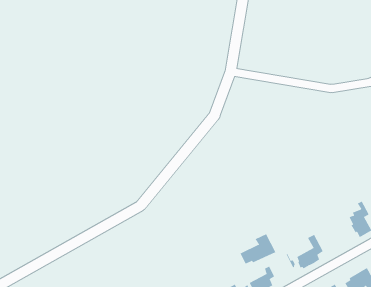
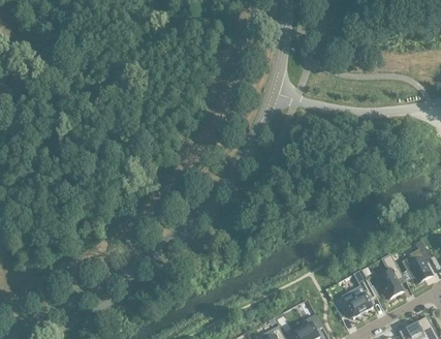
building: none -> [375,252,402,298]
building: [240,232,276,265] -> none

